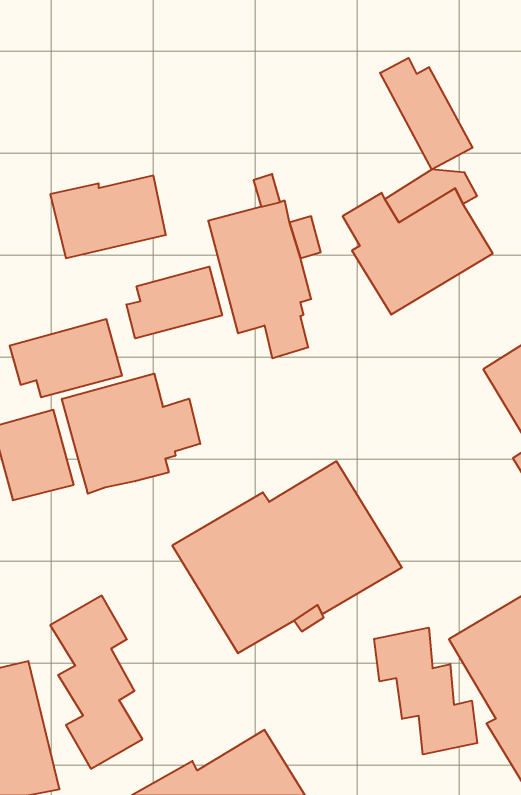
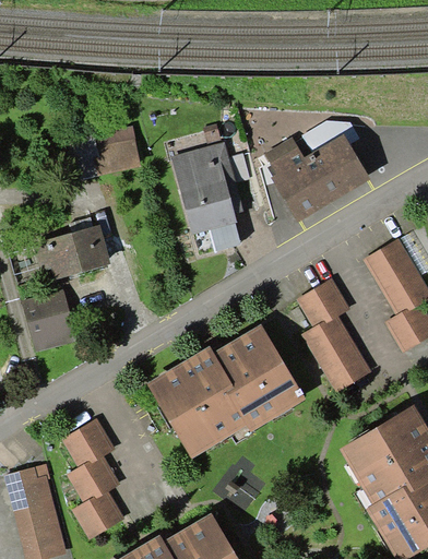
building: [380,58,472,169] -> none
building: [126,267,222,338] -> none
building: [62,374,200,494] -> none
building: none -> [295,278,370,392]
building: [374,628,477,754] -> none

